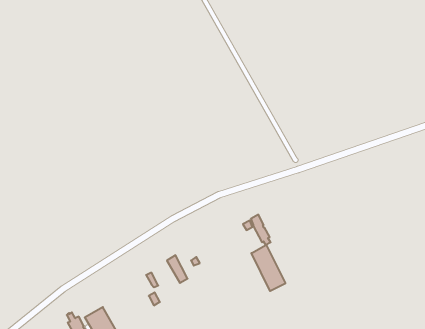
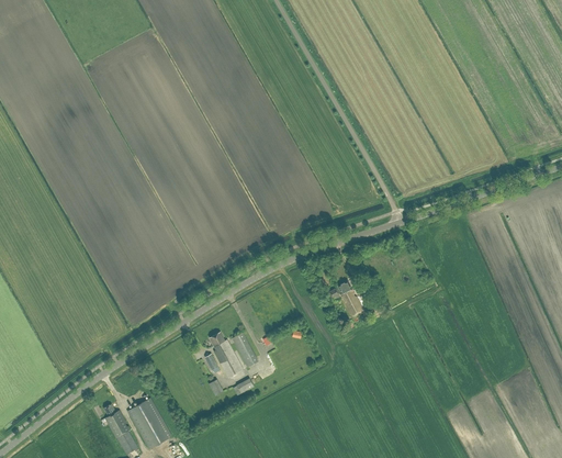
building: [251,245,285,291] -> none
building: none -> [209,332,243,378]

